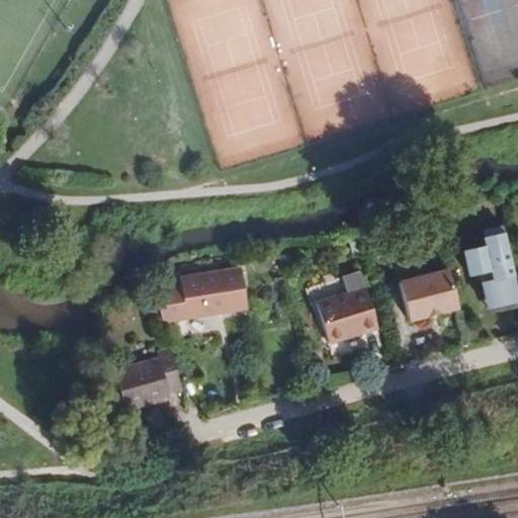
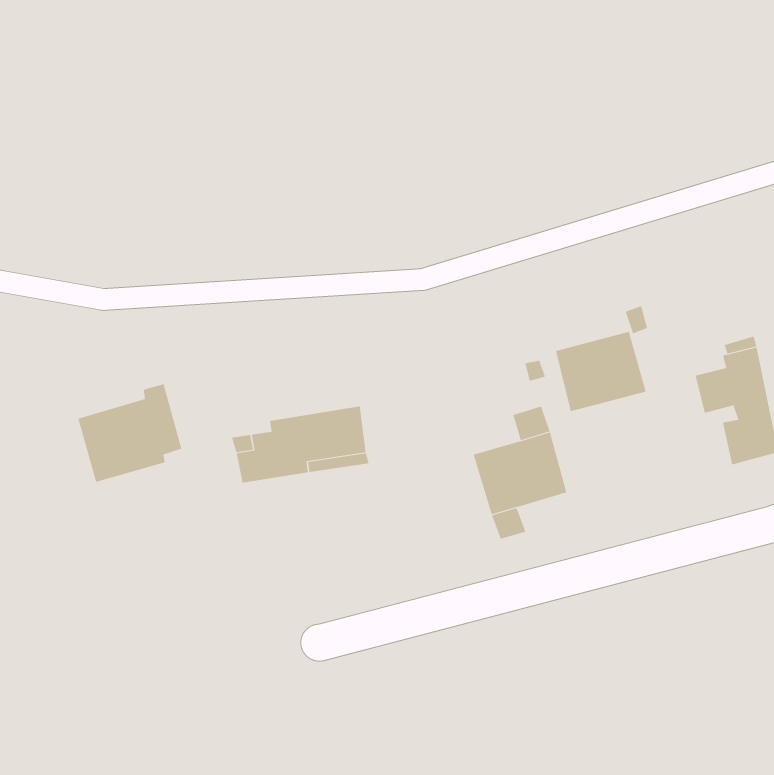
building: [400,267,460,321] -> [555,331,646,412]
building: [113,346,183,412] -> [77,384,182,482]

